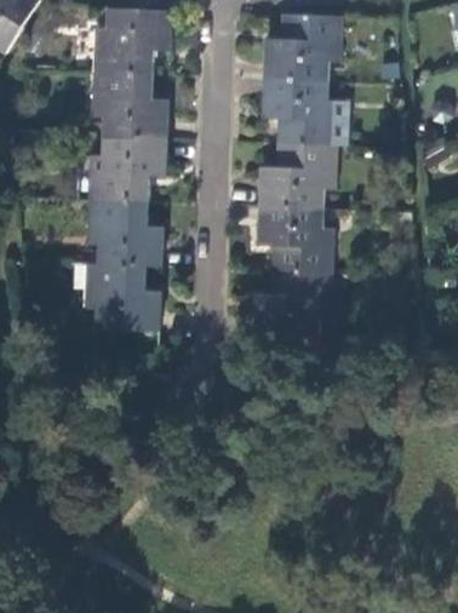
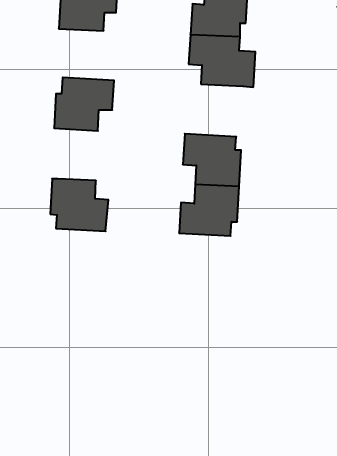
building: [96,70,170,136] -> none
building: [258,141,332,207] -> none
building: [90,196,164,263] -> none

